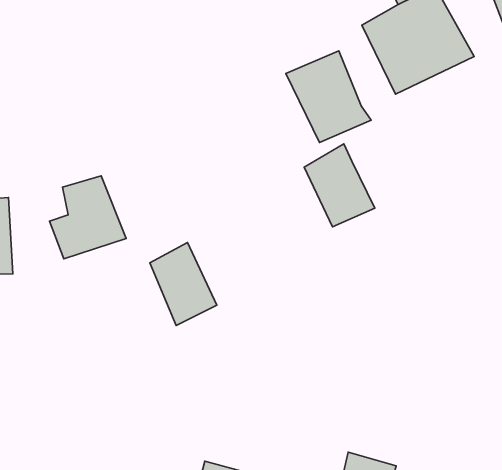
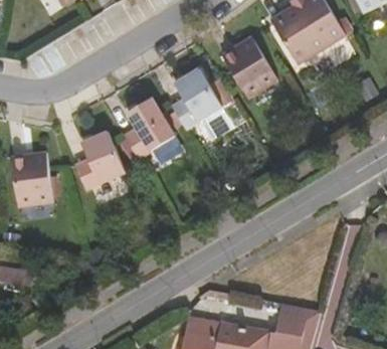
building: [304,144,375,227] -> [172,72,220,128]
building: [150,243,217,326] -> [126,104,172,159]

